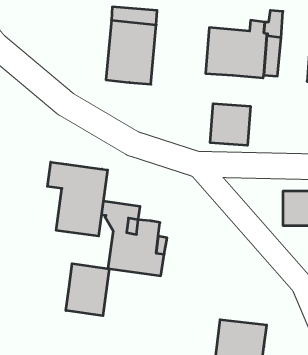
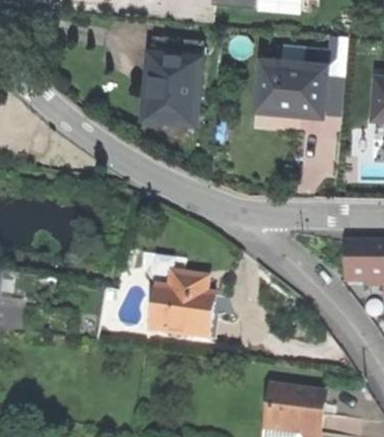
building: [210,104,250,145] -> none
building: [47,162,108,236] -> none
building: [66,264,109,316] -> none

